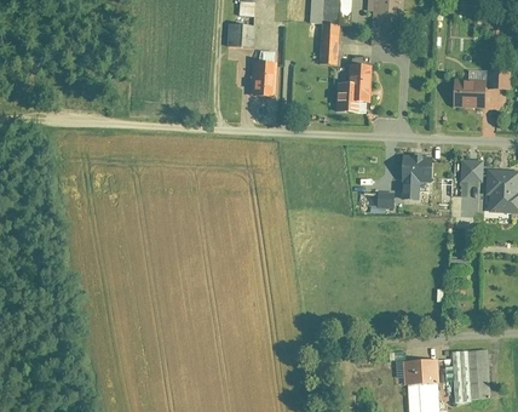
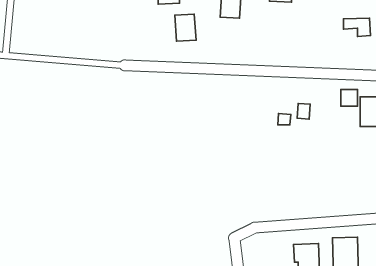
building: [335,62,367,113] -> none
building: [449,85,483,105] -> none
building: [405,153,434,177] -> none

